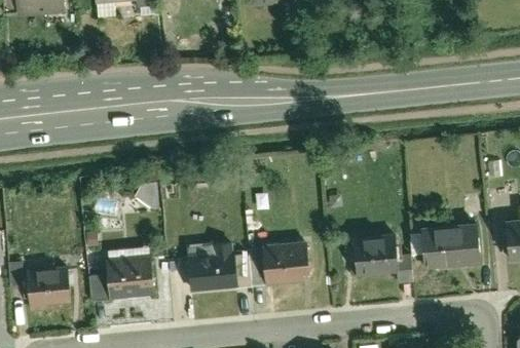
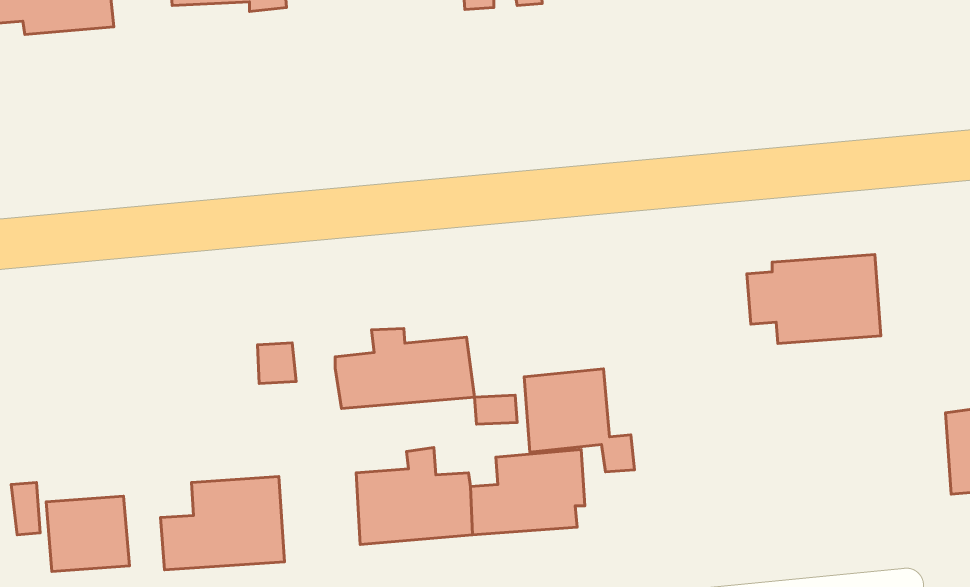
building: none -> [335,328,474,409]
building: [408,223,479,270] -> [747,254,881,344]
building: [352,231,411,285] -> [524,369,635,472]

